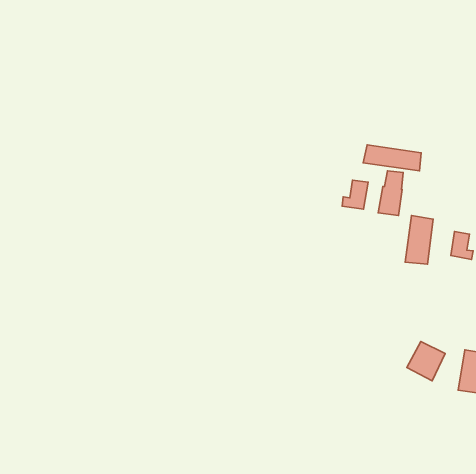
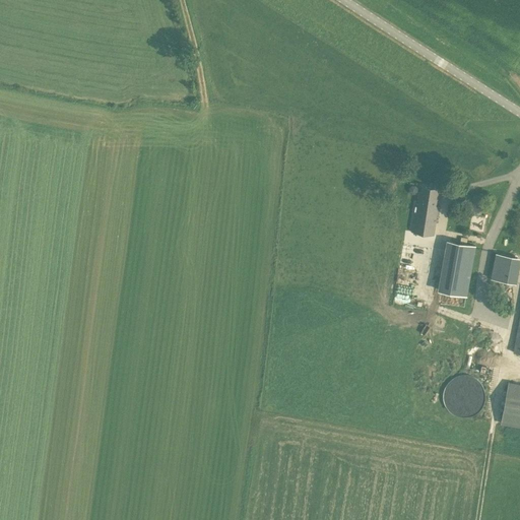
building: [363,145,421,171] -> none
building: [342,180,368,209] -> none

